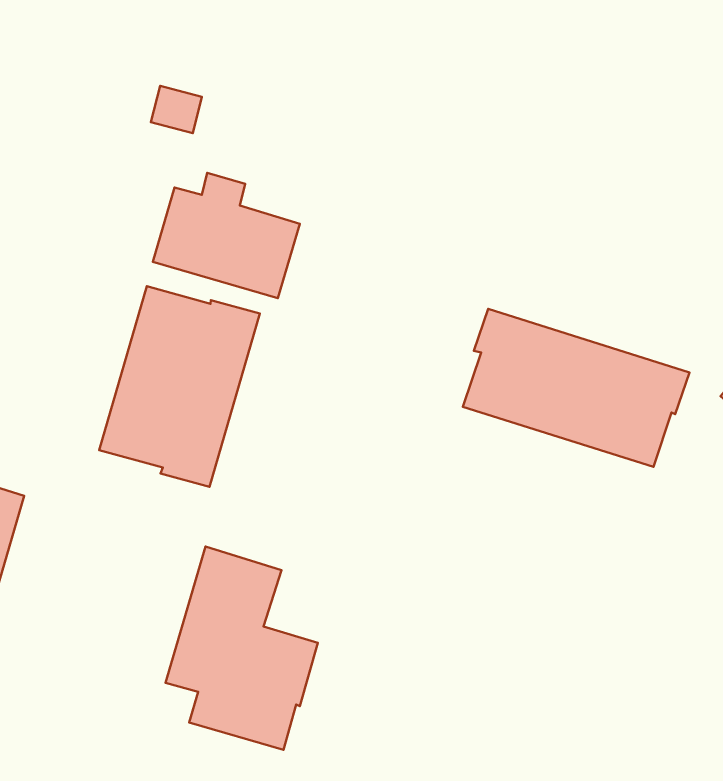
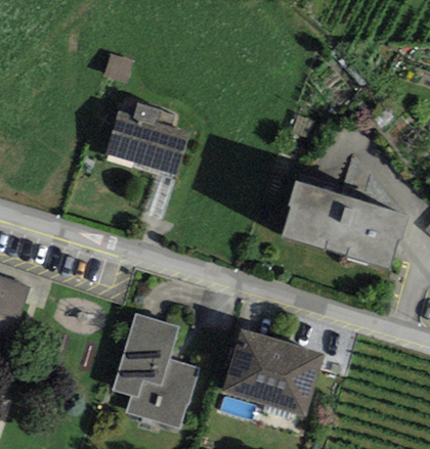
building: [99,286,260,487] -> none
building: none -> [221,329,322,416]

